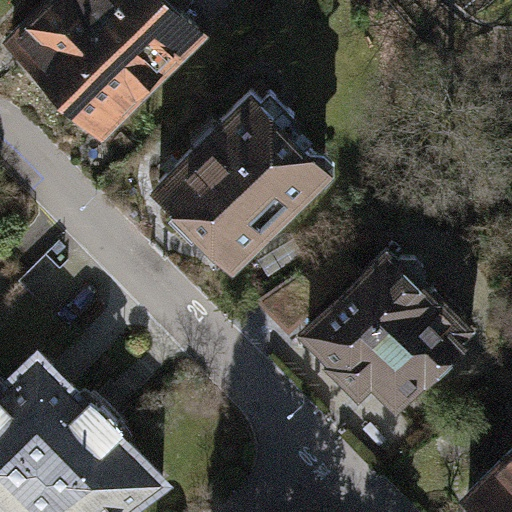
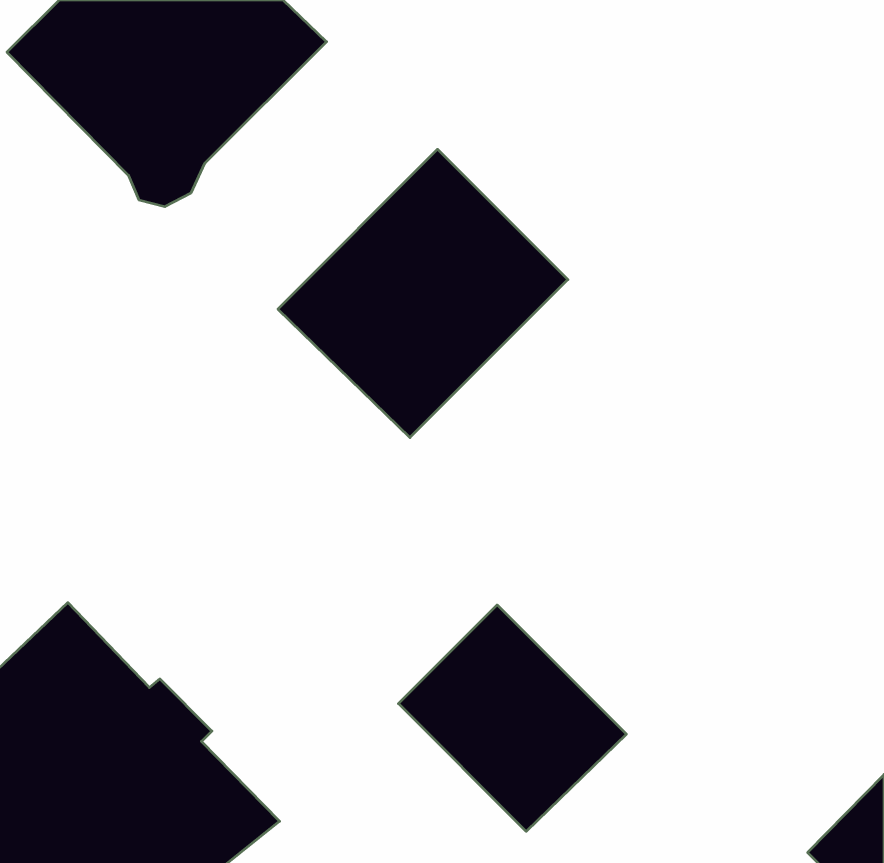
building: [309,261,471,406] -> none
building: none -> [398,605,626,831]

